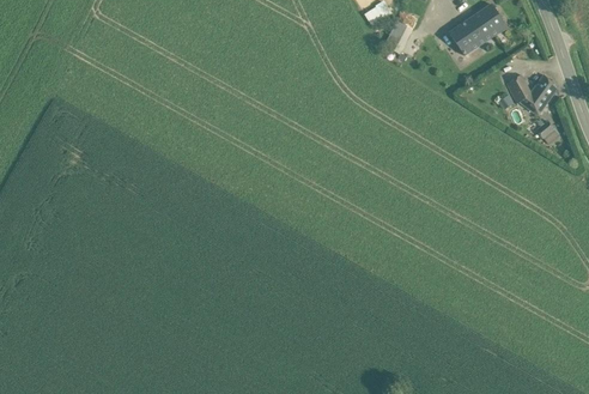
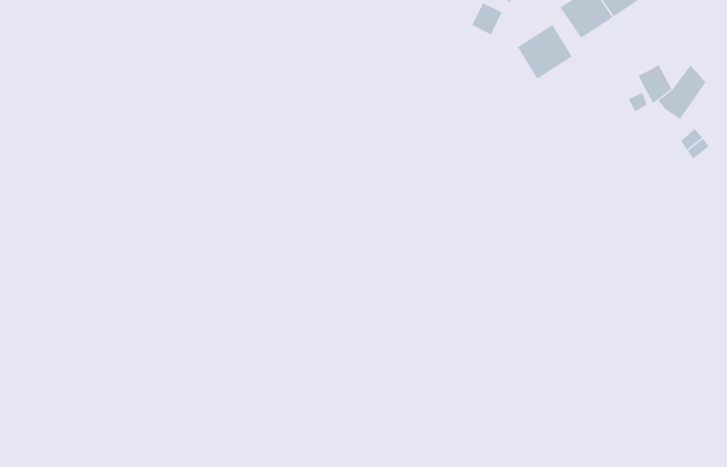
building: none -> [517,24,572,80]

